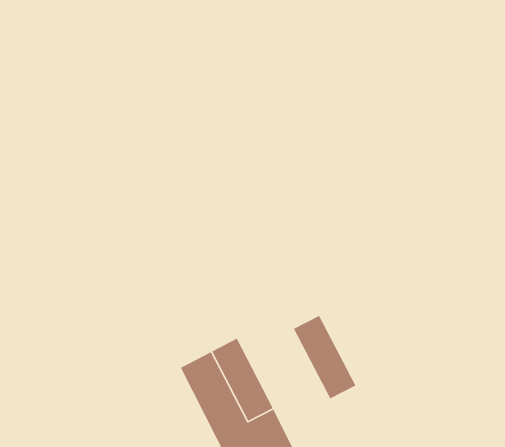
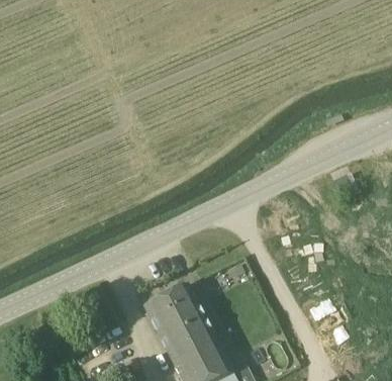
building: [293,315,356,400] -> none

